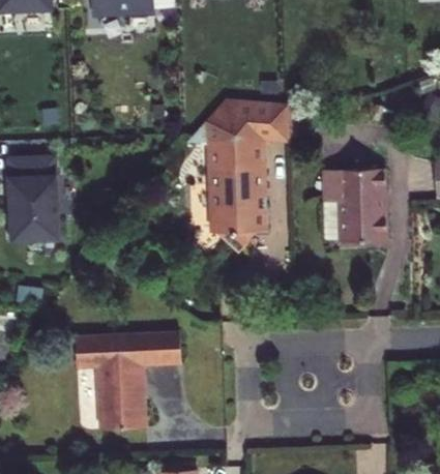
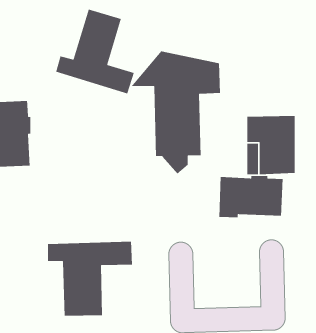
building: none -> [55,8,135,95]
building: none -> [218,175,284,218]

